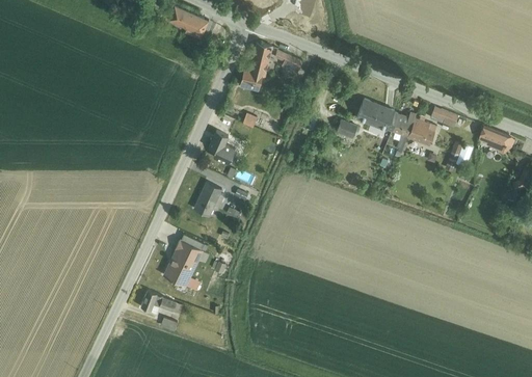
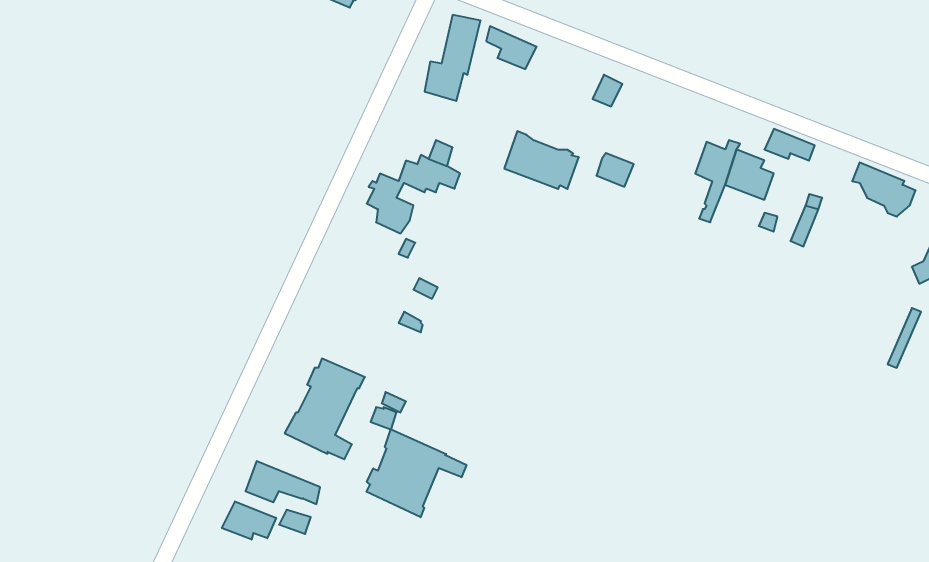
building: [355,99,397,131] -> [504,131,579,189]
building: [193,182,222,216] -> none
building: none -> [366,429,466,517]
building: none -> [222,501,276,540]

